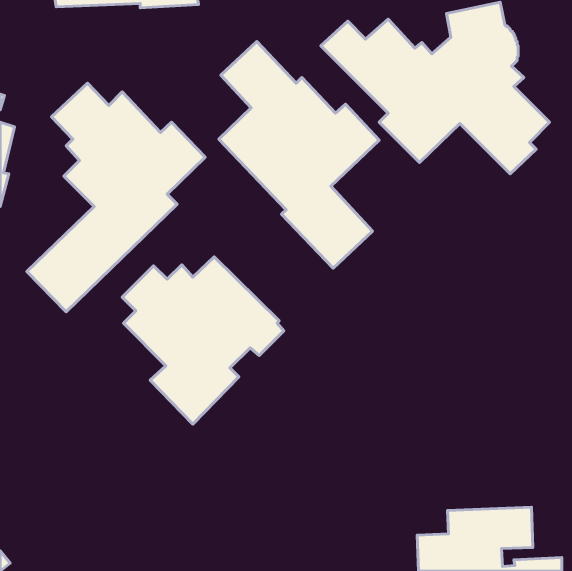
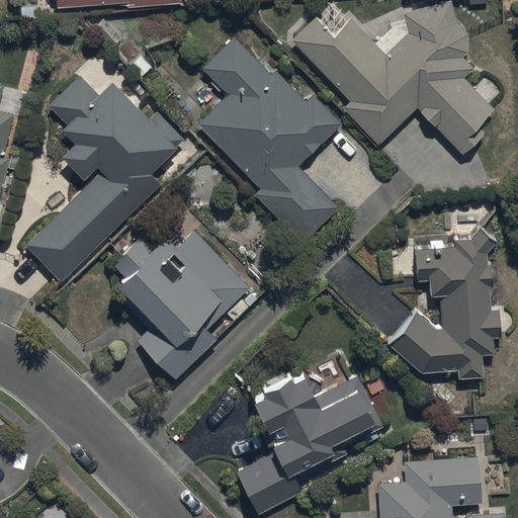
building: none -> [388,231,500,380]
building: none -> [236,369,371,508]

